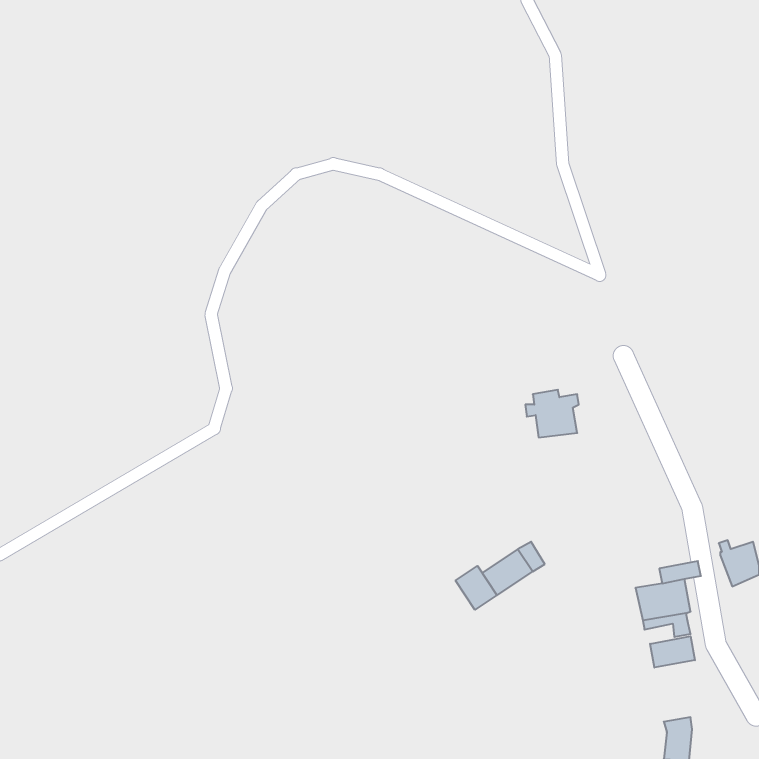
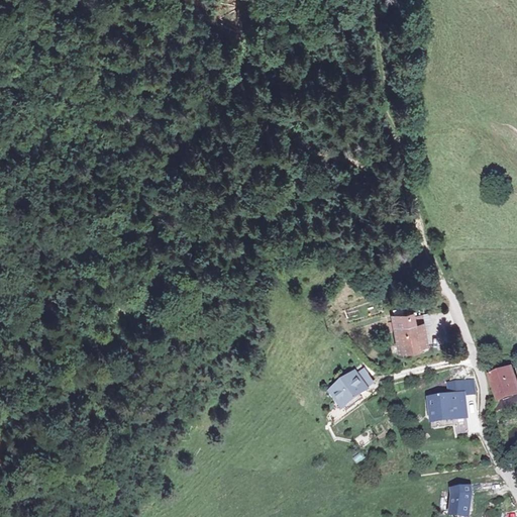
building: [525,390,579,437] -> [391,314,427,346]
building: [456,566,497,610] -> none
building: [650,636,695,668] -> none

